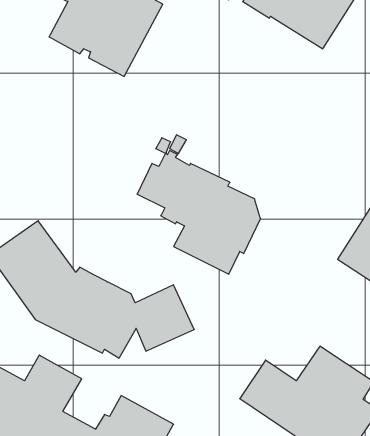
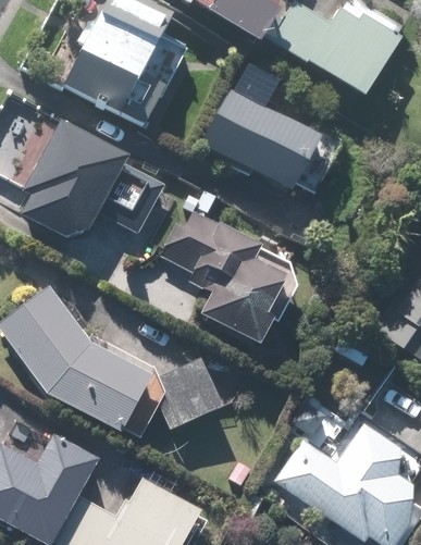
building: none -> [197,65,340,193]
building: none -> [21,119,165,236]

